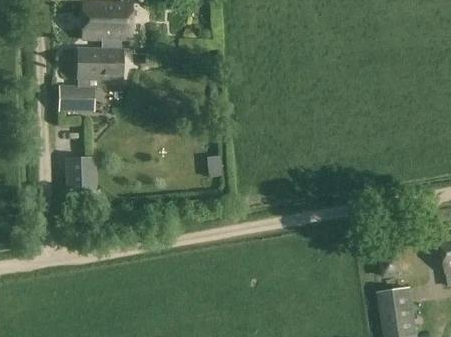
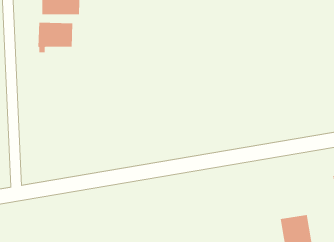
building: [61,86,89,110] -> none
building: [64,156,91,195] -> none

